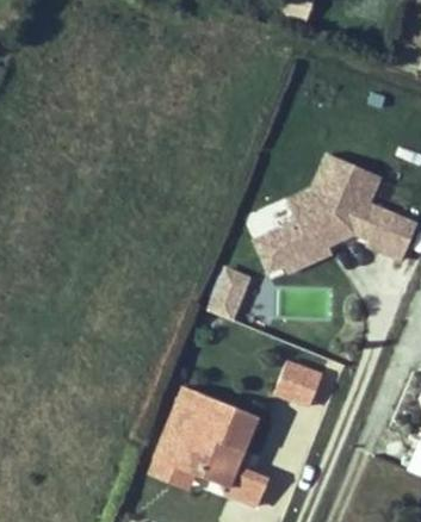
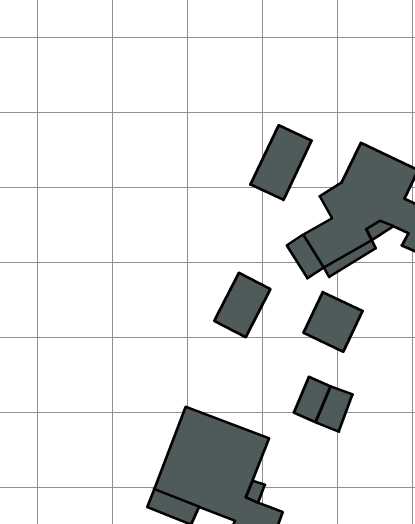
building: none -> [250,125,312,200]
building: none -> [304,292,363,352]

